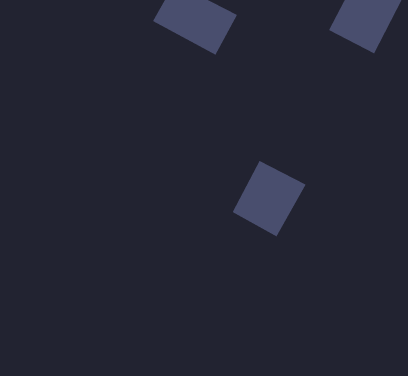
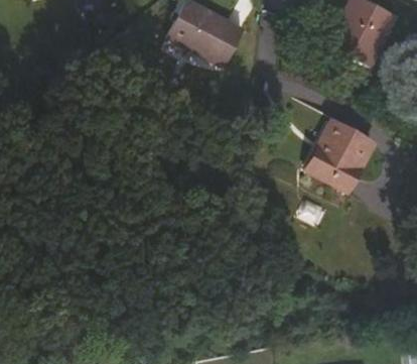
building: [232,160,307,237] -> [307,121,376,192]

